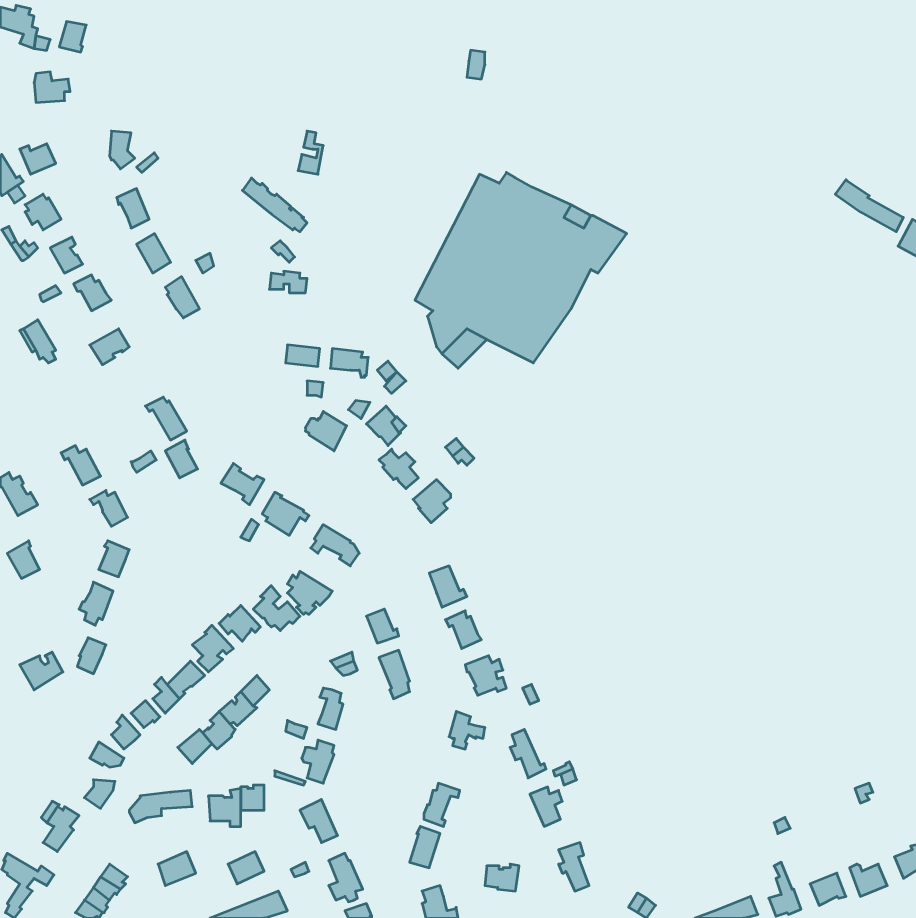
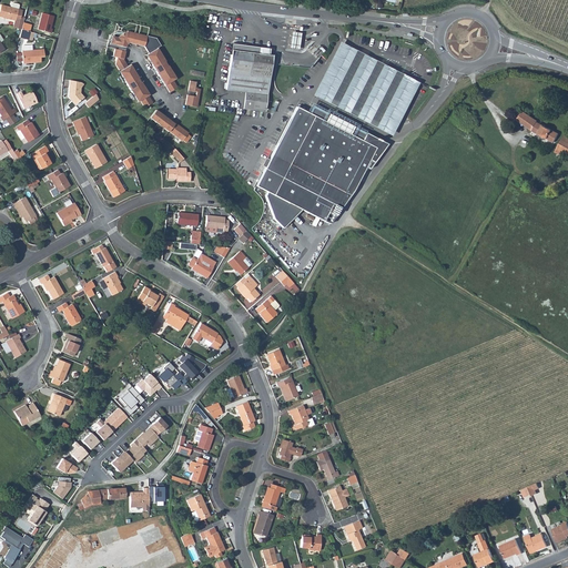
building: none -> [111,31,179,92]
building: none -> [226,42,273,111]
building: none -> [315,42,418,133]
building: none -> [113,49,153,108]

